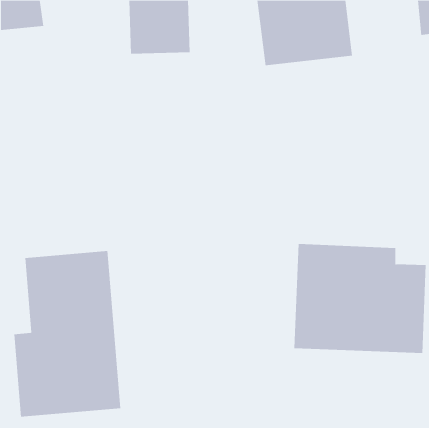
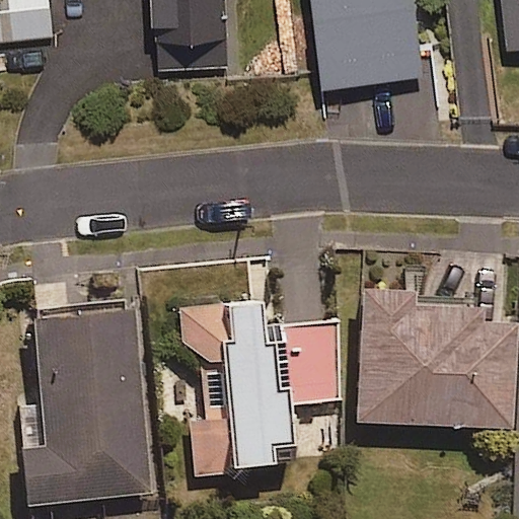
building: none -> [179,302,340,477]

